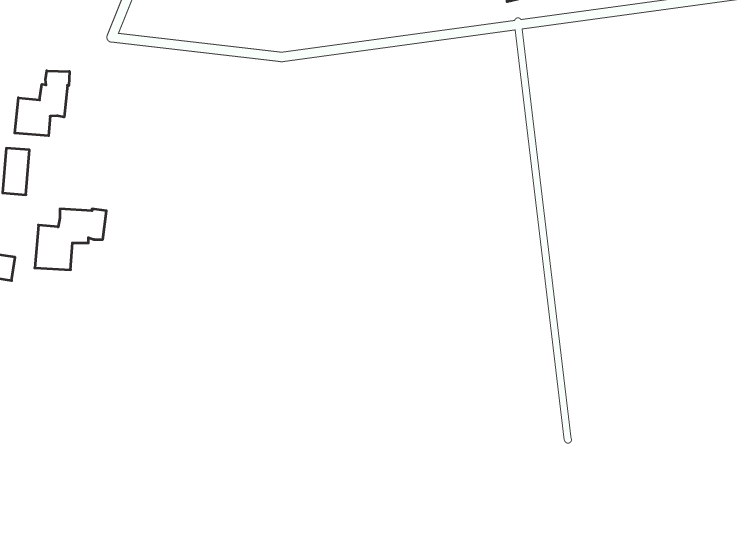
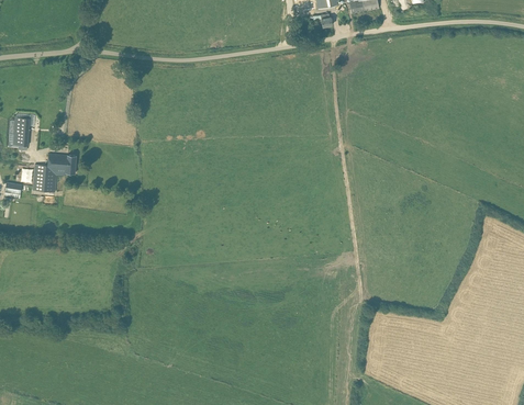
building: [15,71,69,136] -> none

